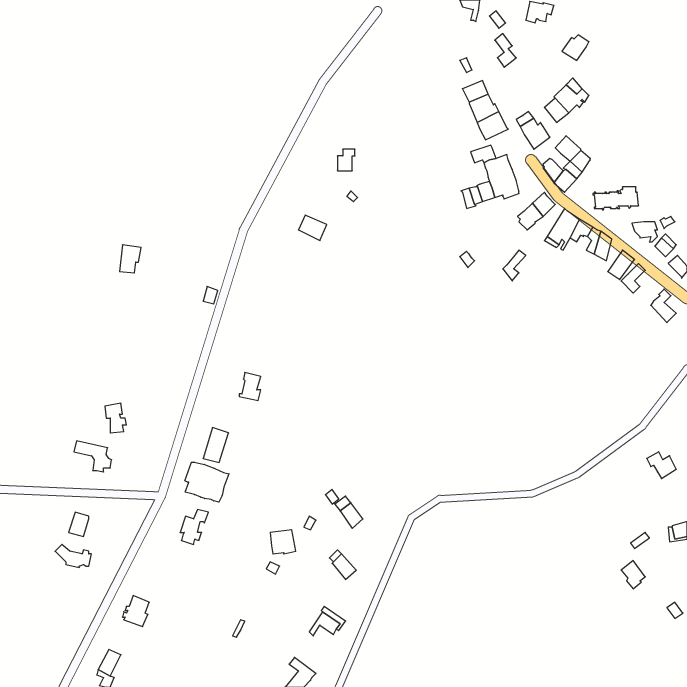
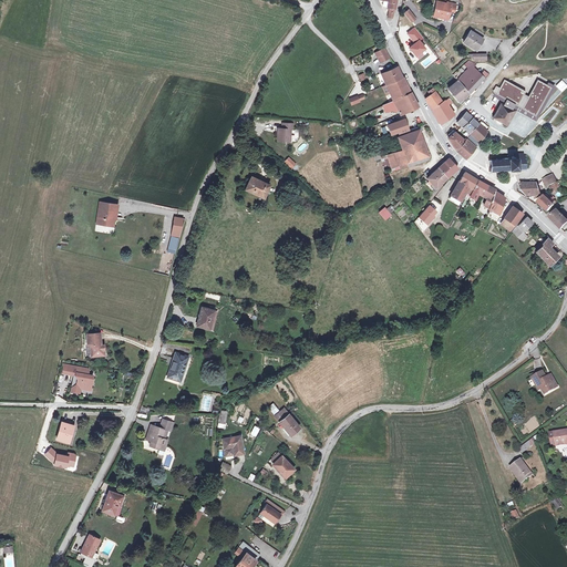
building: none -> [493,80,551,125]
building: [185,462,229,502] -> none

